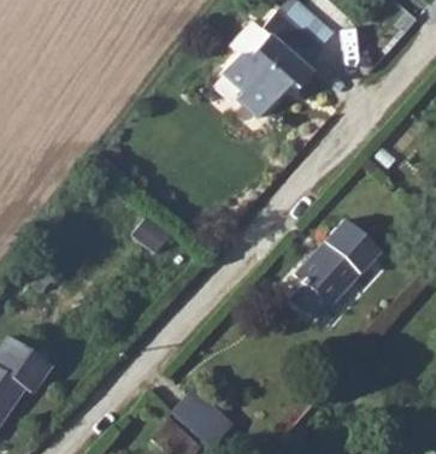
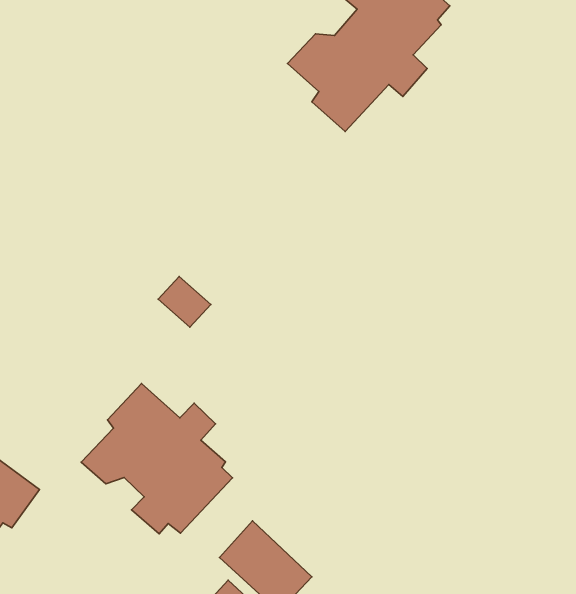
building: [295,217,389,314] -> none
building: none -> [81,384,232,534]

